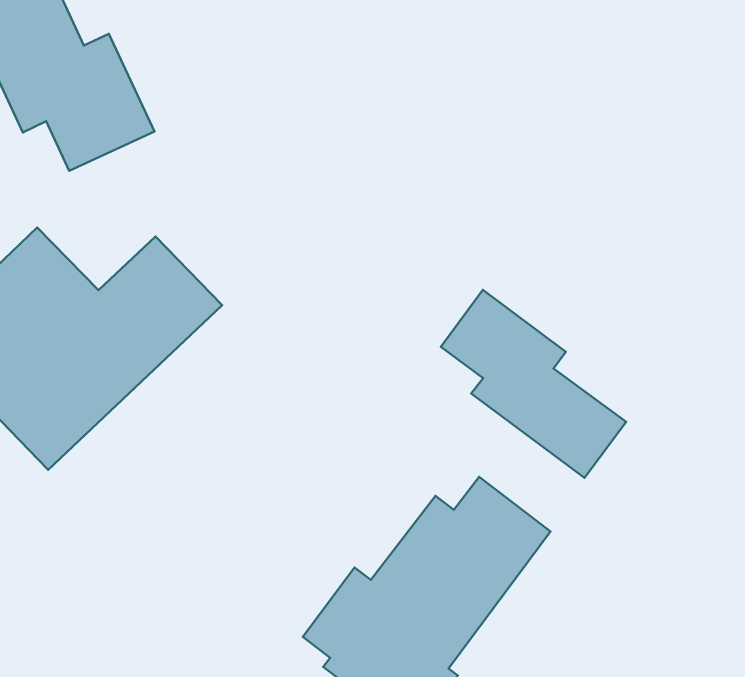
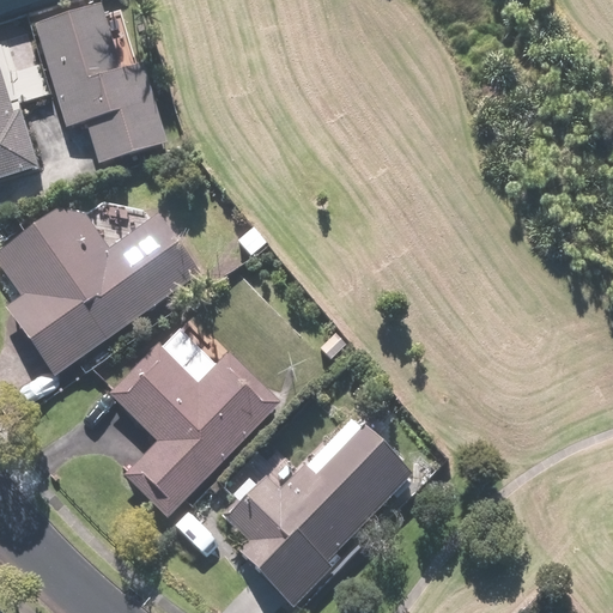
building: [441,290,626,478] -> none
building: none -> [108,342,281,517]

